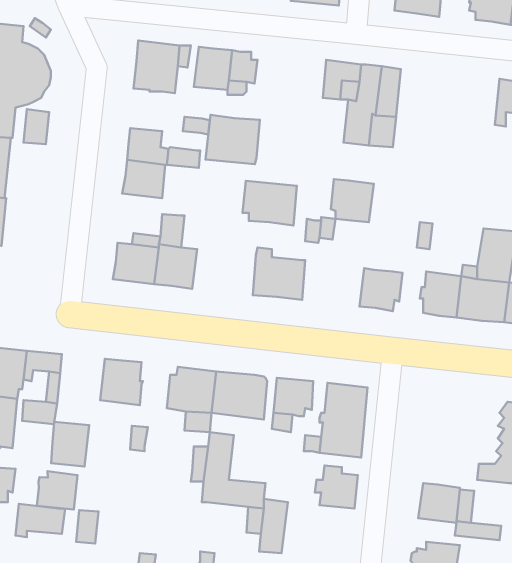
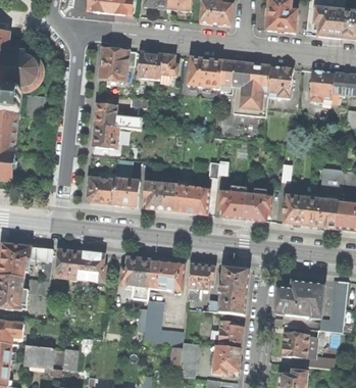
building: none -> [267,66,293,98]
building: none -> [310,70,334,102]
building: [206,115,260,164] -> [188,57,222,89]
building: [331,179,374,222] -> [219,191,247,219]
building: [243,181,297,226] -> [143,183,177,211]
building: none -> [275,281,324,318]
building: [51,422,89,466] -> [56,250,81,279]
building: [37,471,77,509] -> none
building: none -> [213,346,241,375]

